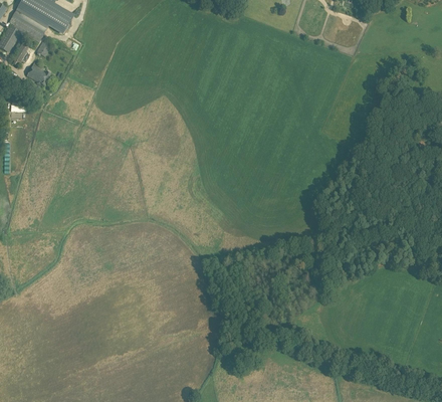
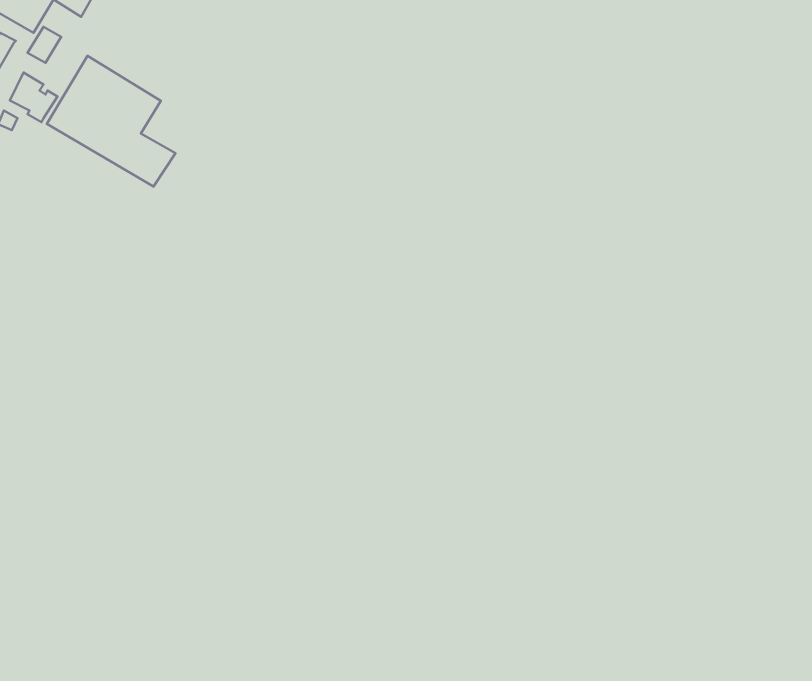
building: none -> [47,56,175,187]

